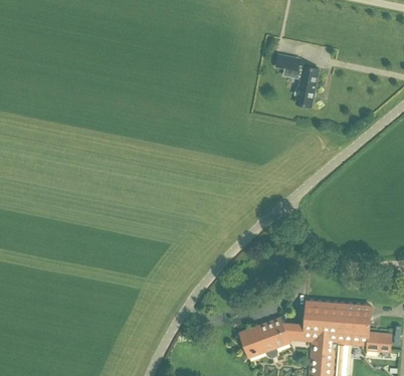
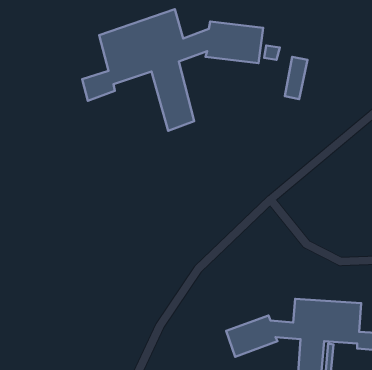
building: none -> [82,9,263,131]

